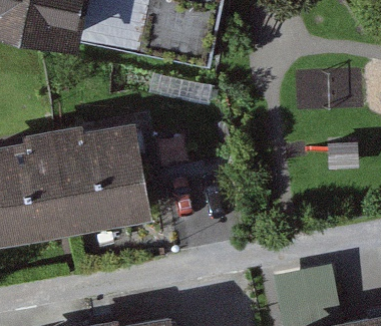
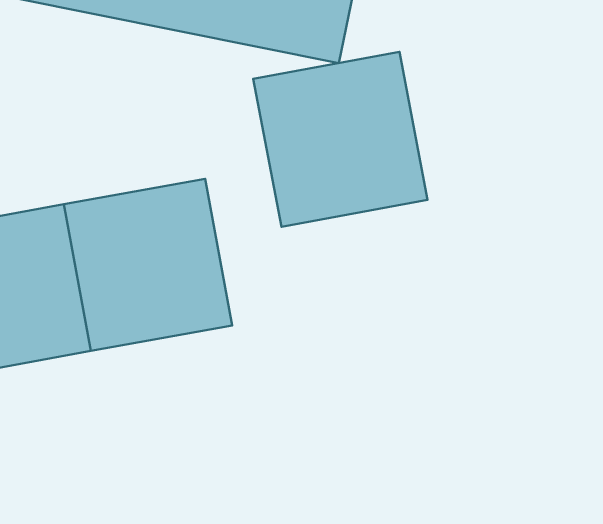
building: none -> [253,52,428,227]

